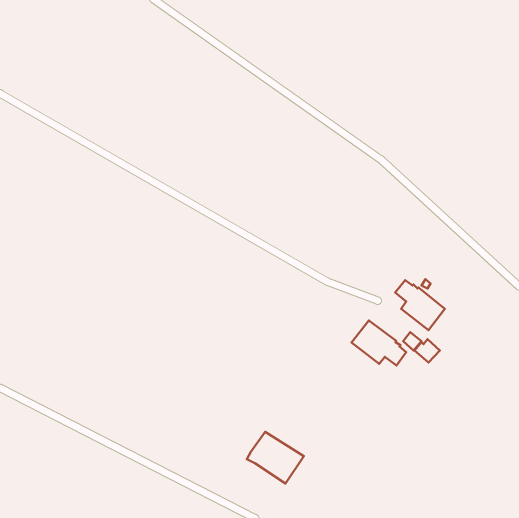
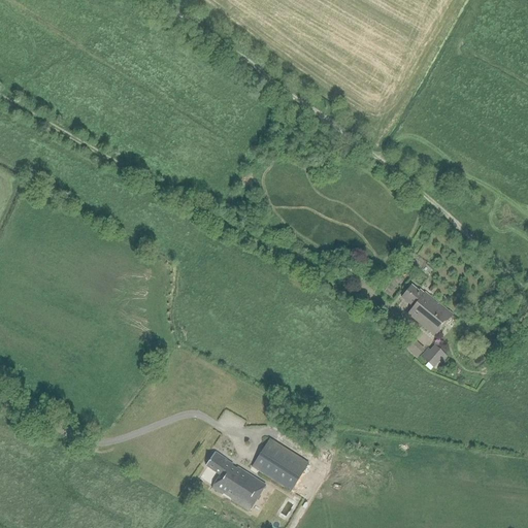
building: [352,320,406,365] -> none
building: none -> [205,452,265,510]

